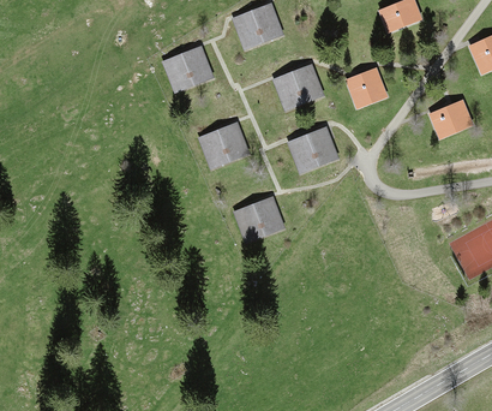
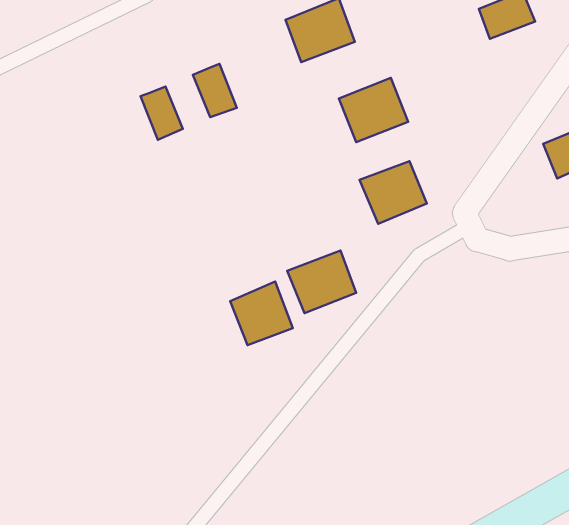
building: [181,44,214,85] -> [141,87,183,140]
building: [346,66,389,108] -> none
building: [199,120,251,168] -> none
building: none -> [230,282,293,345]

